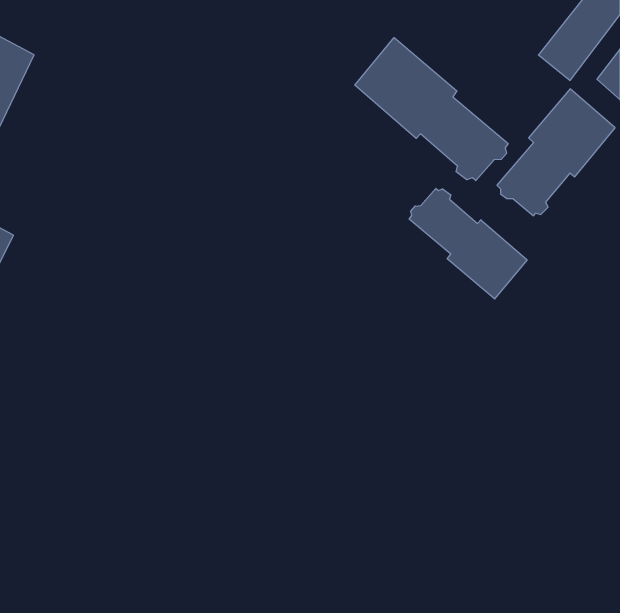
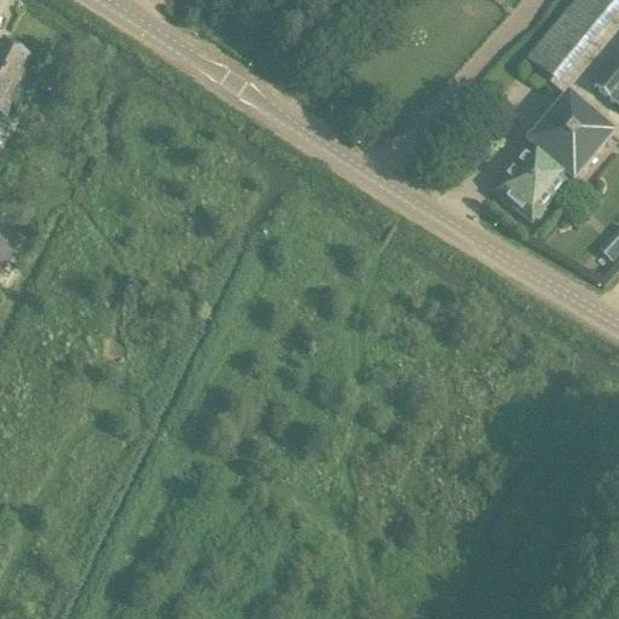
building: [355,38,508,181] -> none
building: [409,188,527,299] -> none

